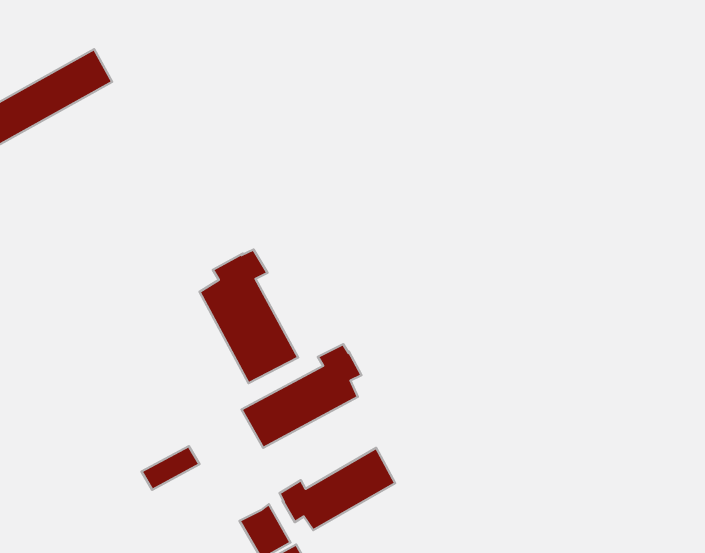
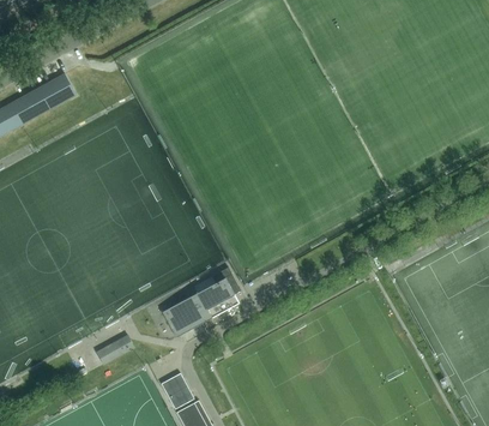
building: [199,249,298,383] -> none
building: [280,448,395,530] -> none

